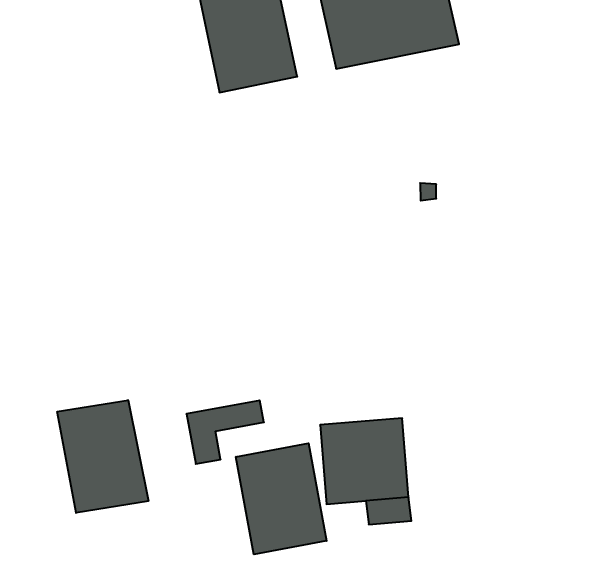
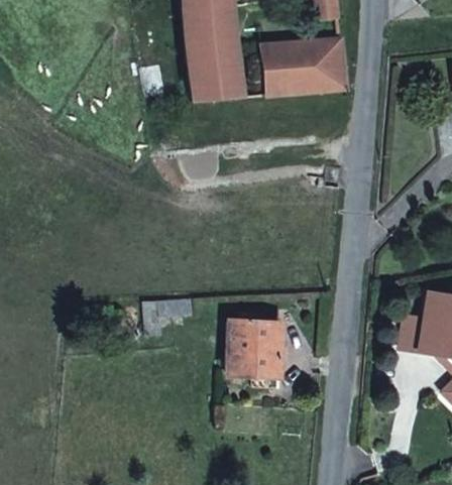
building: [57,400,148,513] -> none
building: [236,443,327,554] -> none

